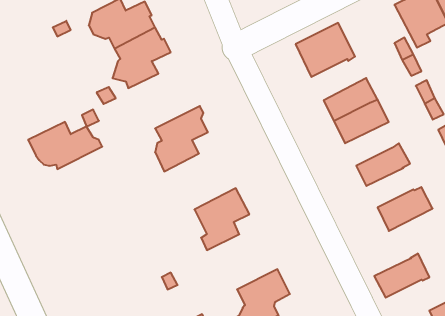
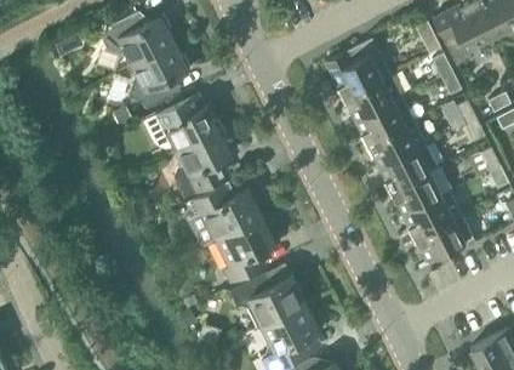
building: none -> [343,76,402,124]
building: [28,122,102,169] -> [143,103,223,154]
building: none -> [379,147,438,194]
building: none -> [189,184,262,249]
building: none -> [229,274,307,330]
building: [374,254,429,298] -> [402,192,462,239]

